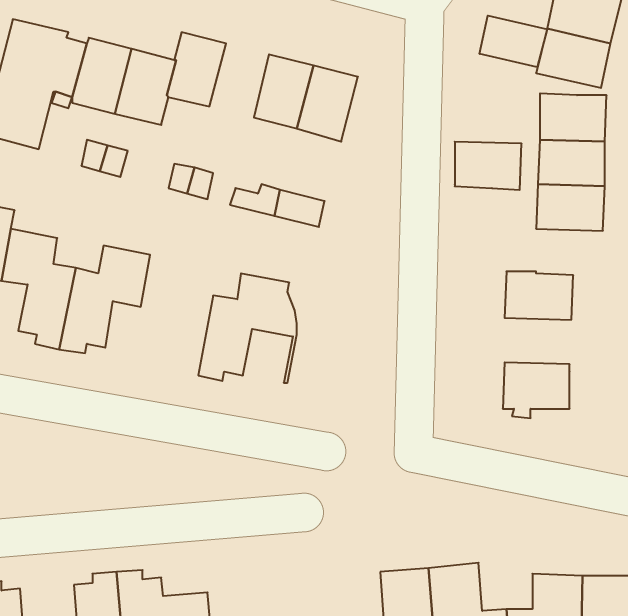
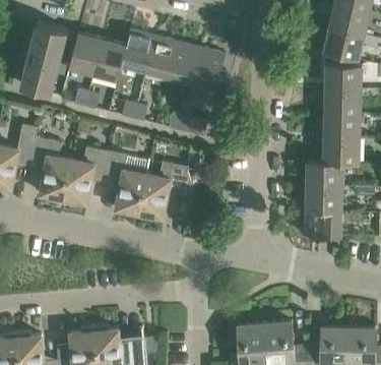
building: [480,16,547,67] -> none
building: none -> [144,35,177,75]
building: [455,142,522,190] -> [323,136,360,163]
building: none -> [107,150,149,217]
building: none -> [301,185,342,210]

